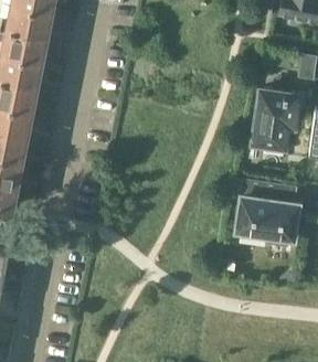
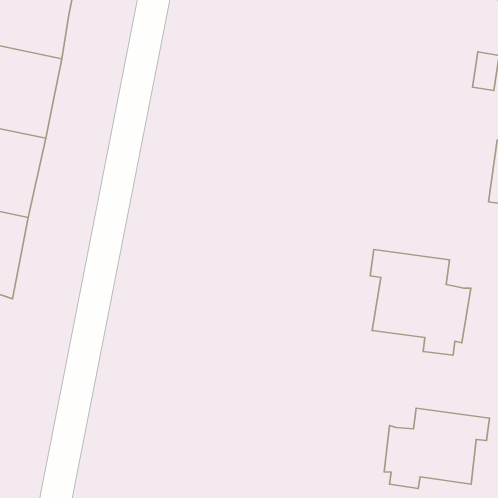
building: [253,89,298,155] -> none
building: none -> [384,408,490,489]

